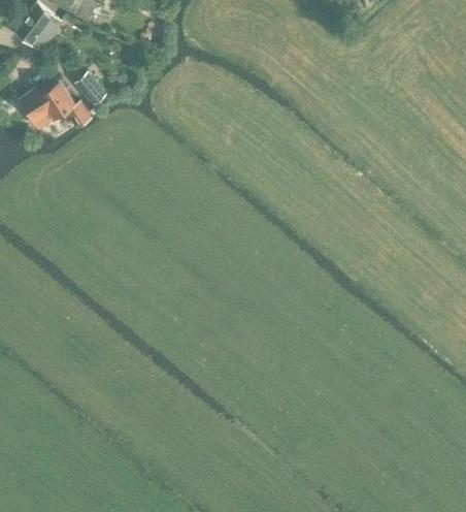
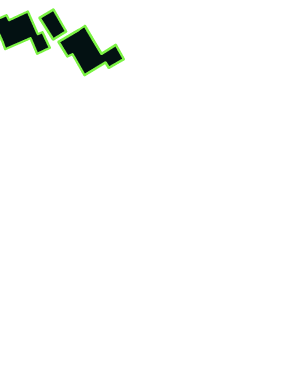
building: none -> [58,26,124,75]

